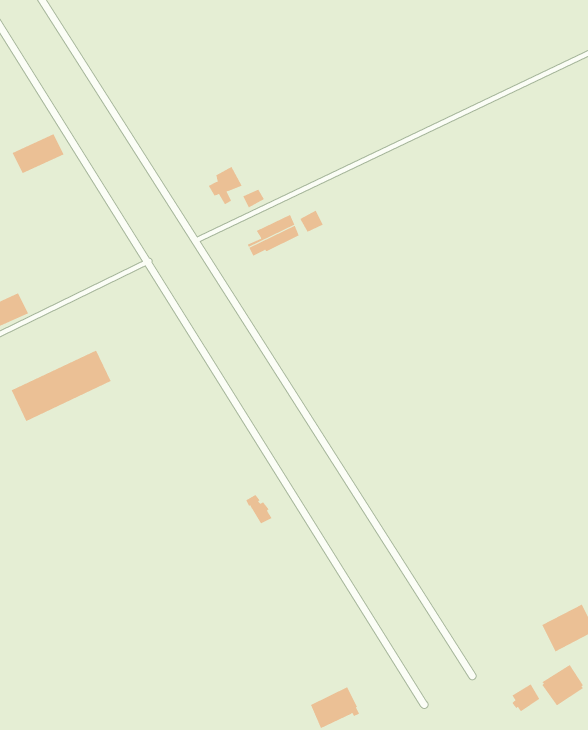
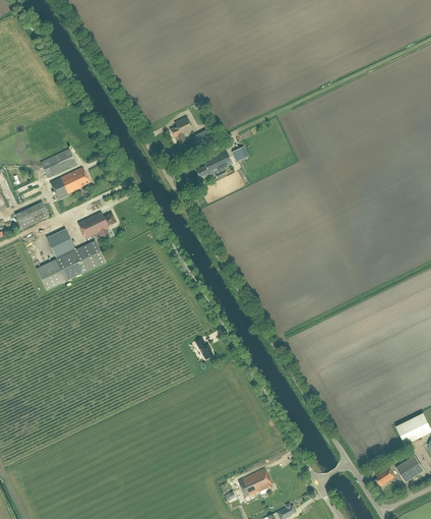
building: [12,133,64,174] -> [41,149,76,176]
building: none -> [50,167,89,198]
building: none -> [77,211,115,239]
building: none -> [43,230,70,257]

